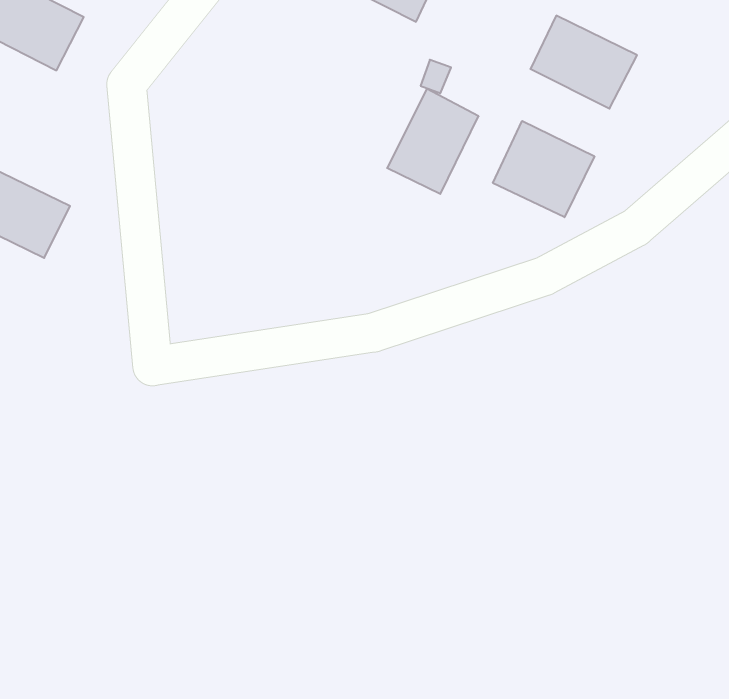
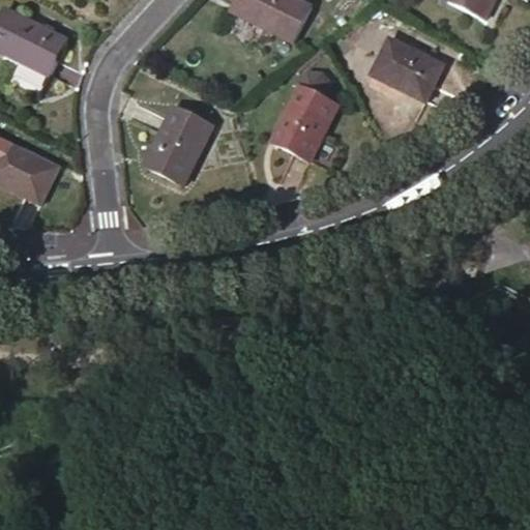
building: none -> [145,107,212,183]
building: [493,121,594,217] -> none

